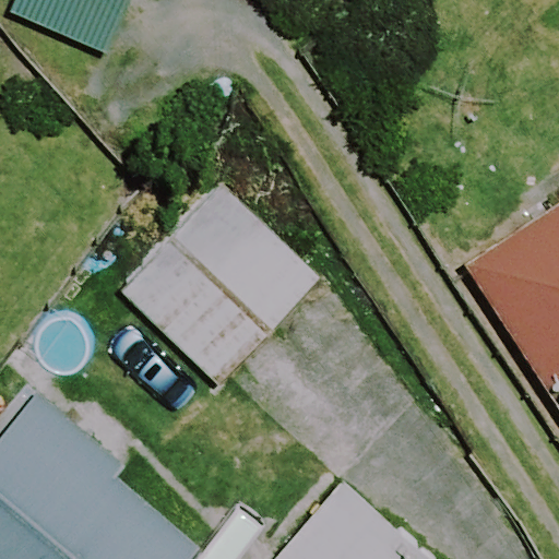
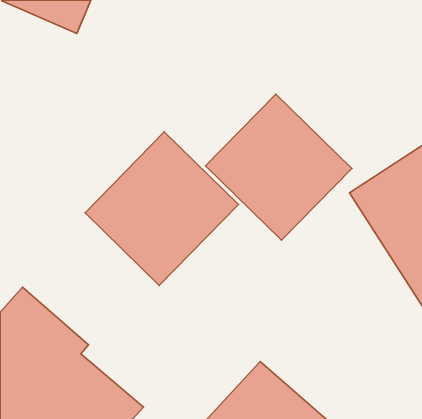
building: none -> [205,94,352,240]

